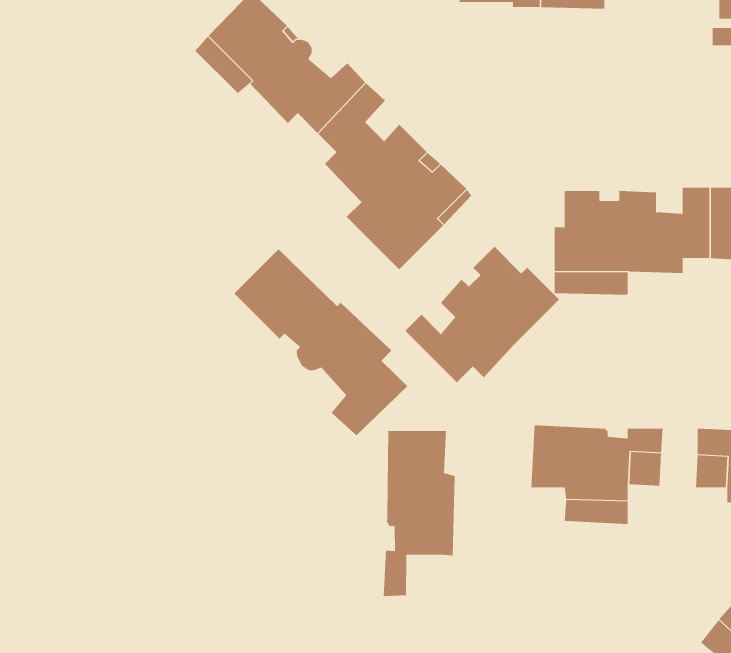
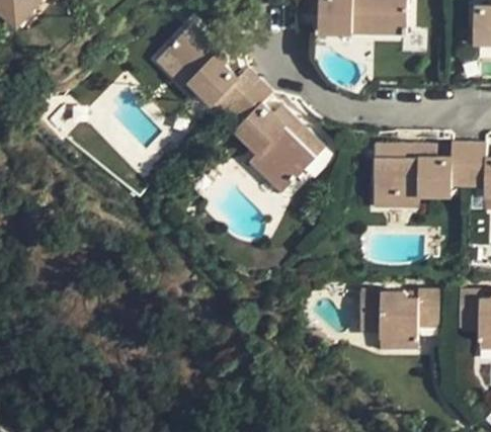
building: [405,246,560,383] -> none
building: [234,249,408,436] -> none
building: [383,430,455,597] -> none

